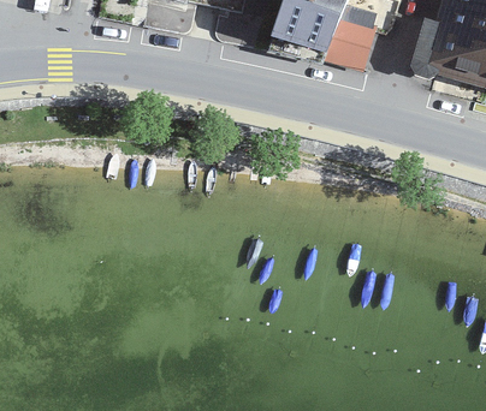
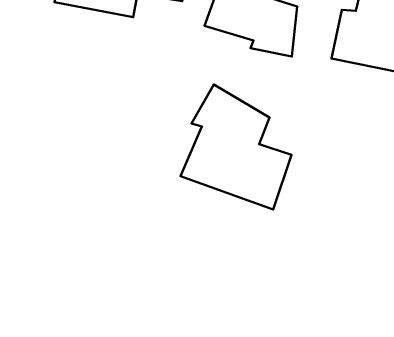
building: none -> [180,84,292,209]

